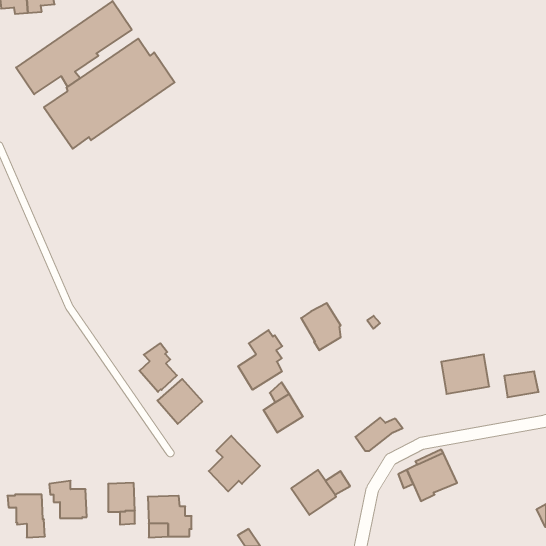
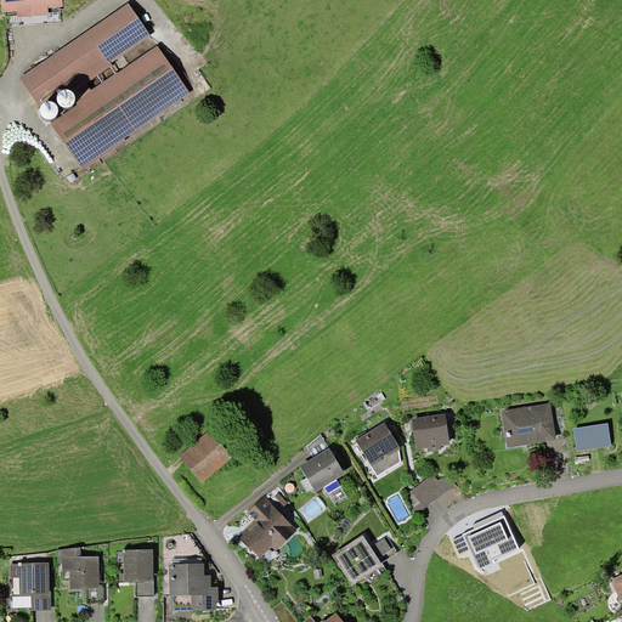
building: [301,303,341,350] -> [355,422,400,475]
building: [238,330,282,390] -> none
building: [139,343,177,392] -> none
building: none -> [411,412,448,451]

